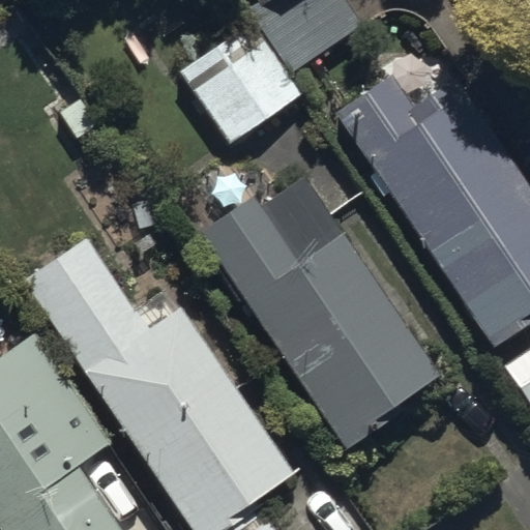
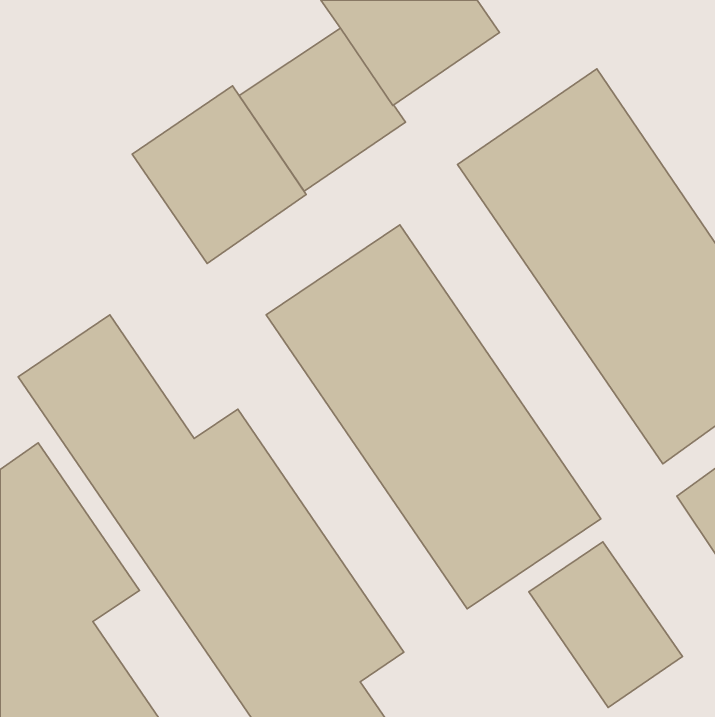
building: none -> [132,86,306,264]
building: none -> [529,542,682,708]

